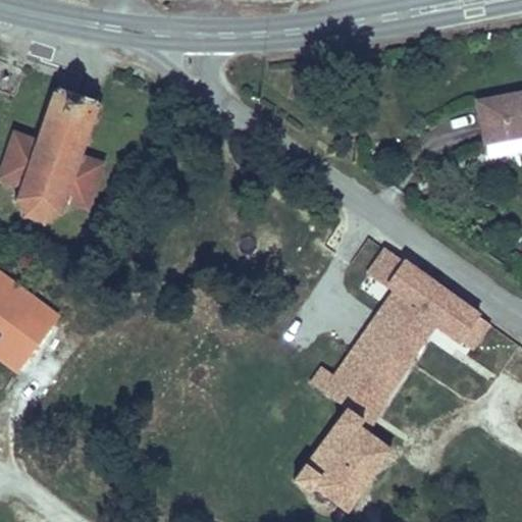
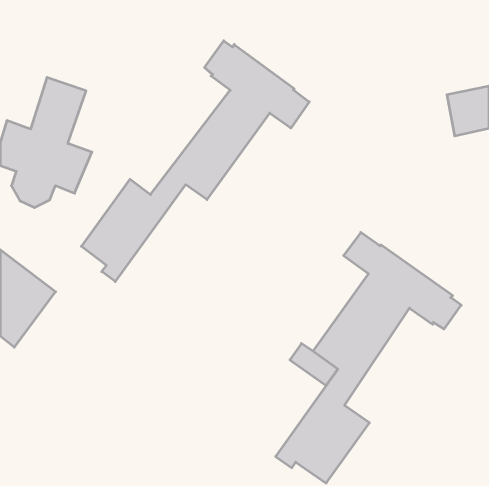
building: none -> [81,41,309,282]

